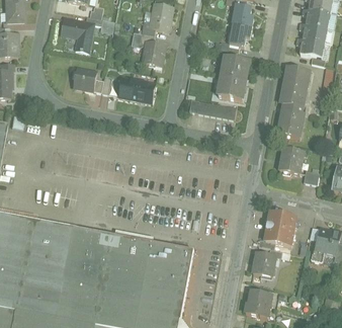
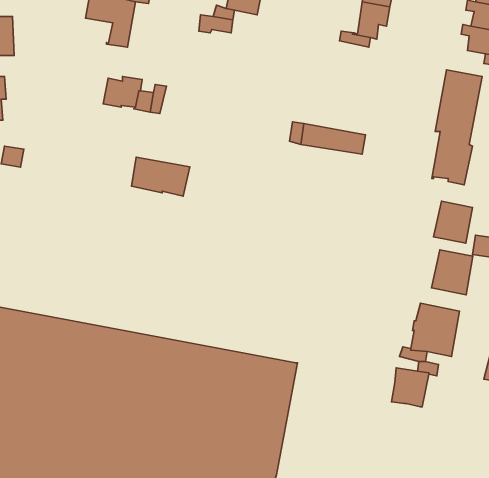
building: [139,40,165,67] -> none
building: [218,56,249,100] -> none
building: [118,78,155,102] -> [131,157,190,196]
building: none -> [431,250,473,295]
building: [244,290,270,317] -> none

